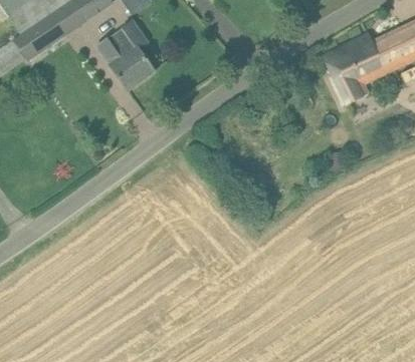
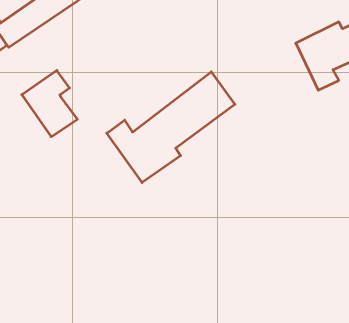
building: [95,21,153,89] -> [22,70,77,137]
building: none -> [107,72,235,183]

